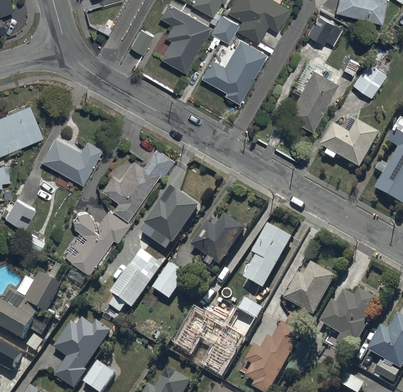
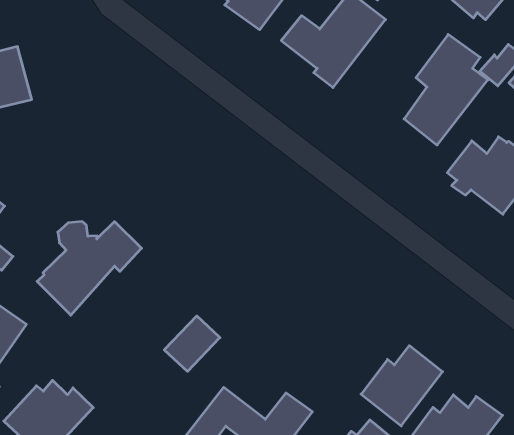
building: [40,137,101,184] -> none
building: [102,147,174,220] -> none
building: [144,187,198,243] -> none
building: [191,215,245,265] -> none
building: [244,225,292,290] -> none
building: [109,251,162,313] -> none

